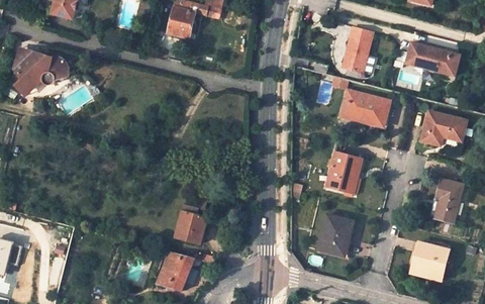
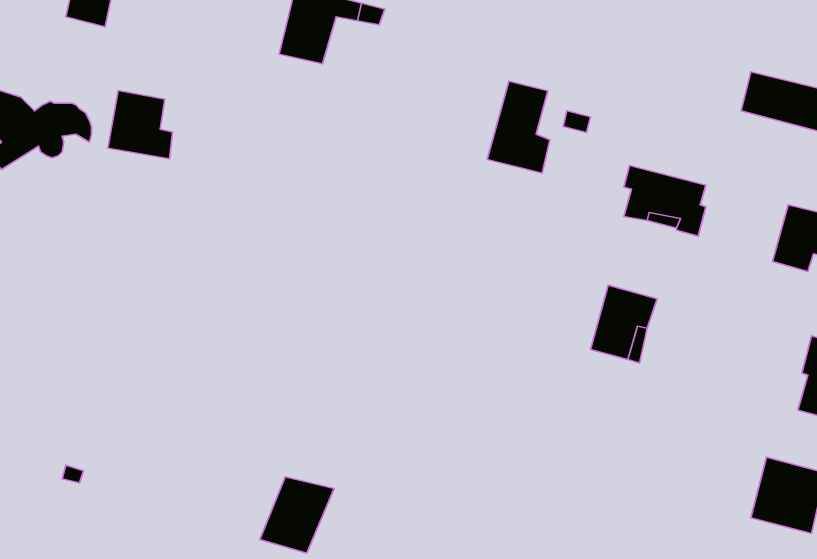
building: [341,27,373,75] -> [487,81,550,173]
building: none -> [108,91,172,159]
building: [174,195,206,243] -> none
building: [317,214,353,256] -> none

